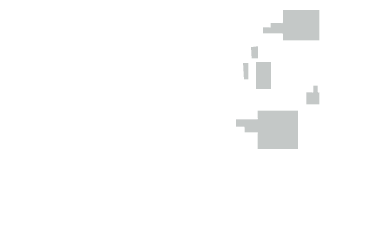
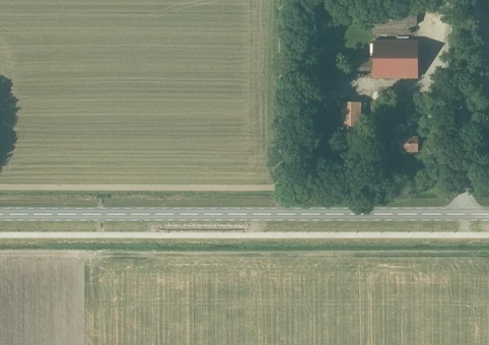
building: [236,110,299,150] -> none

